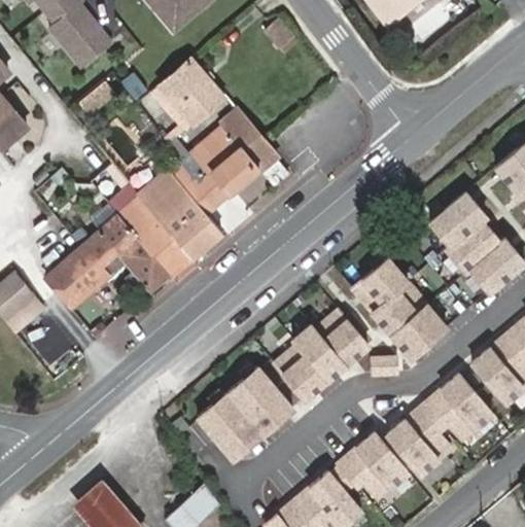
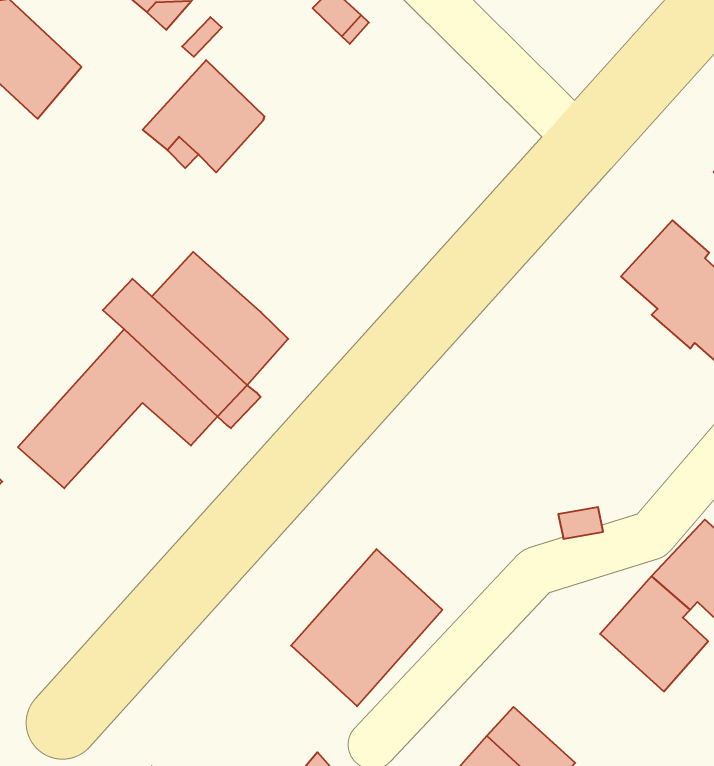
building: [165,112,287,213] -> none
building: [351,257,445,356] -> none
building: [273,310,367,399] -> none
building: [338,434,407,496] -> none

